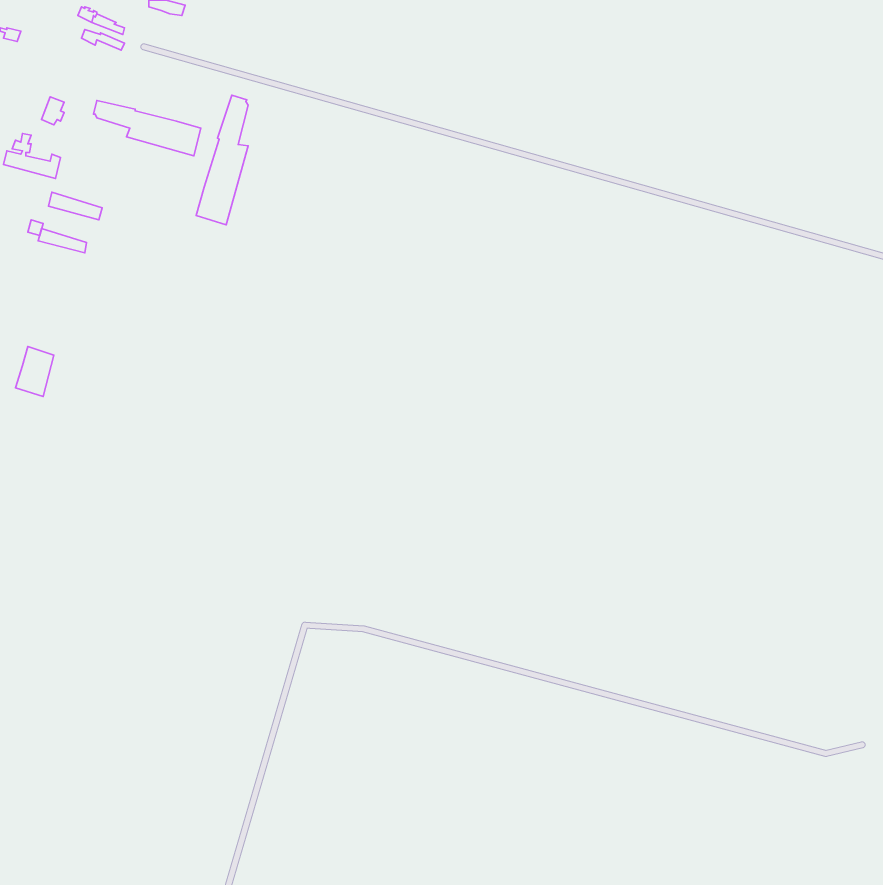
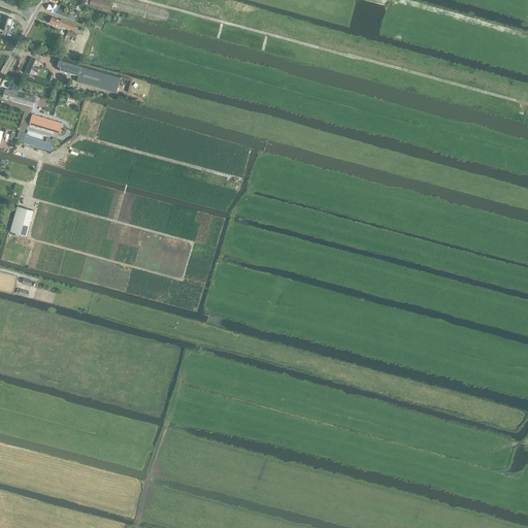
building: [196,95,248,225] -> none

